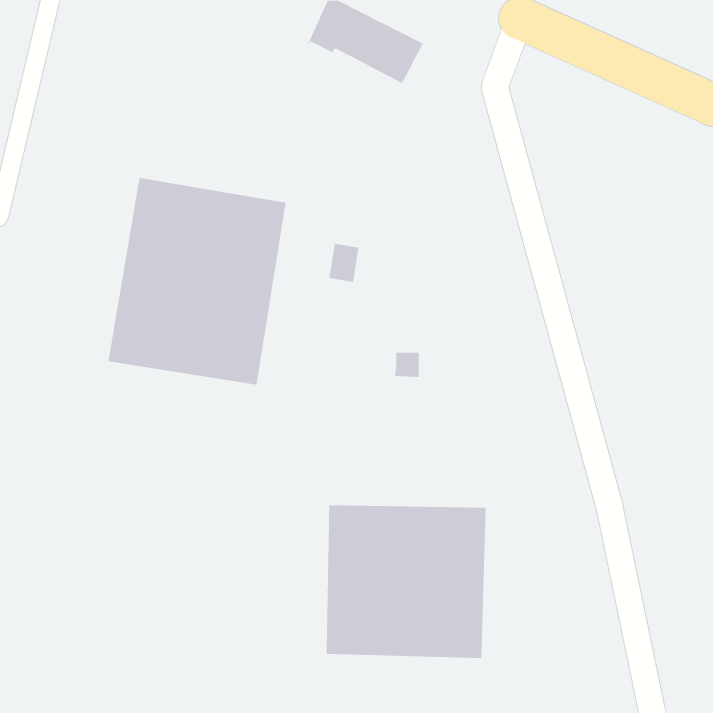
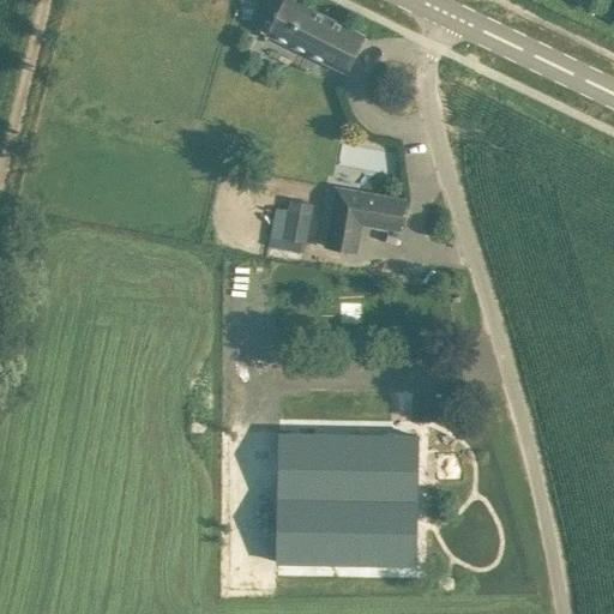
building: [108,177,286,386] -> none
building: none -> [325,188,403,252]

